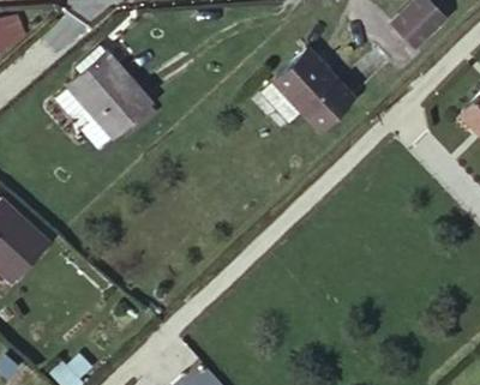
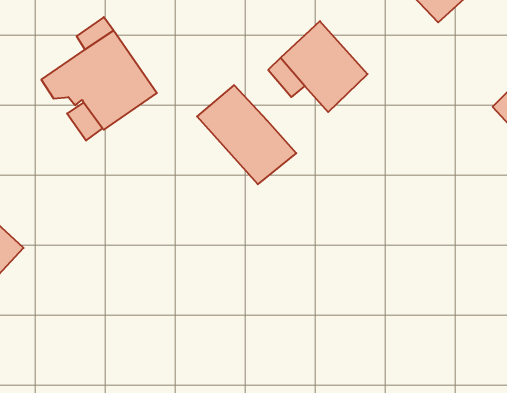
building: none -> [197,85,296,184]

